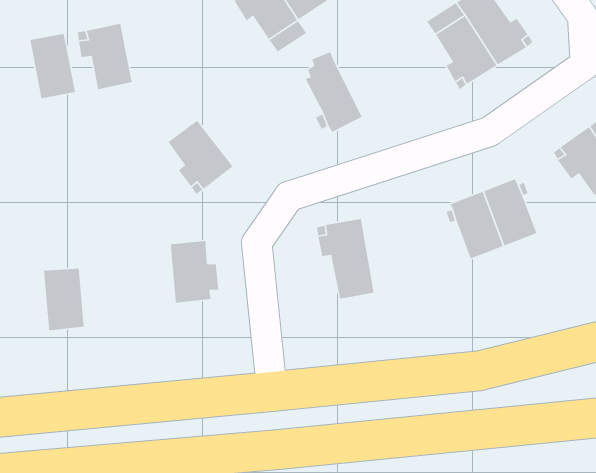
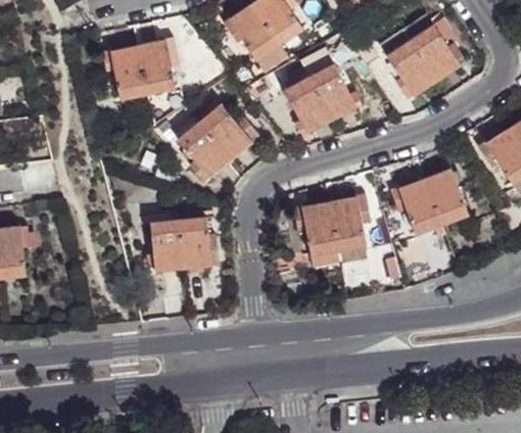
building: none -> [301,50,357,121]
building: [29,33,76,99] -> [139,41,176,93]
building: none -> [199,104,251,159]
building: none -> [329,195,368,259]
building: [43,268,85,331] -> [149,221,182,271]

